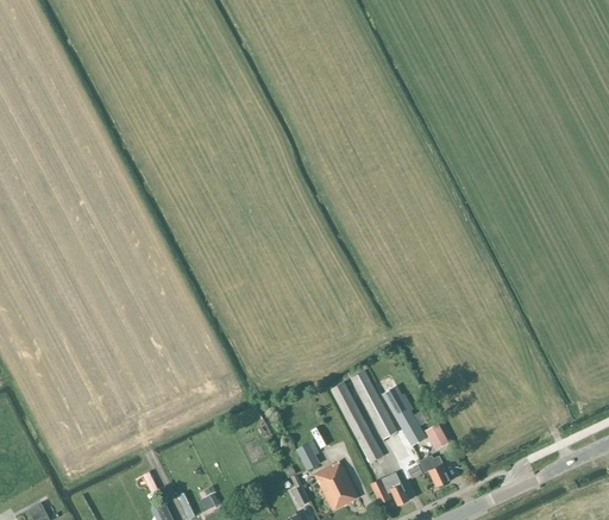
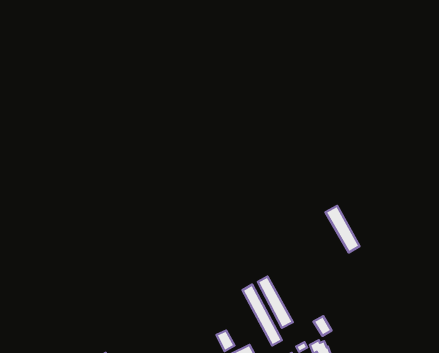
building: [381,383,426,445] -> [326,206,360,253]

